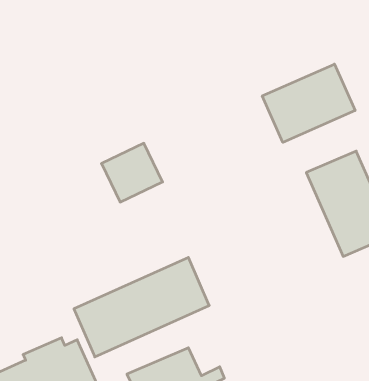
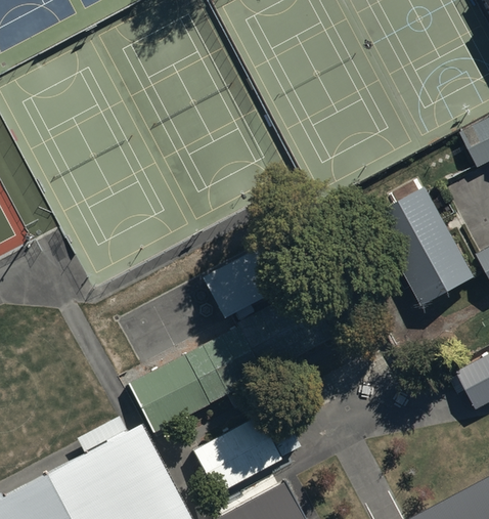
building: [262,64,355,142] -> none
building: [101,143,163,202] -> [201,251,269,317]

